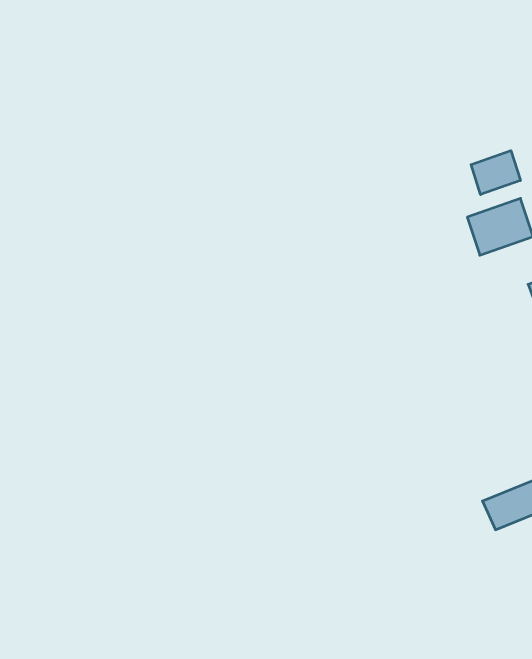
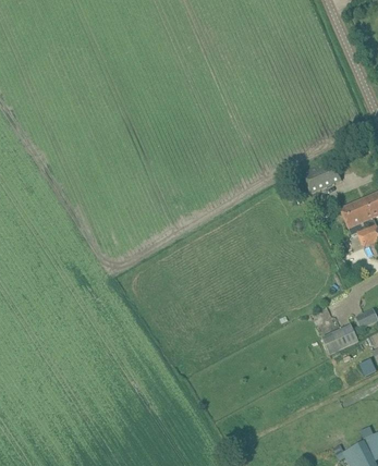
building: [471,151,520,195] -> none

